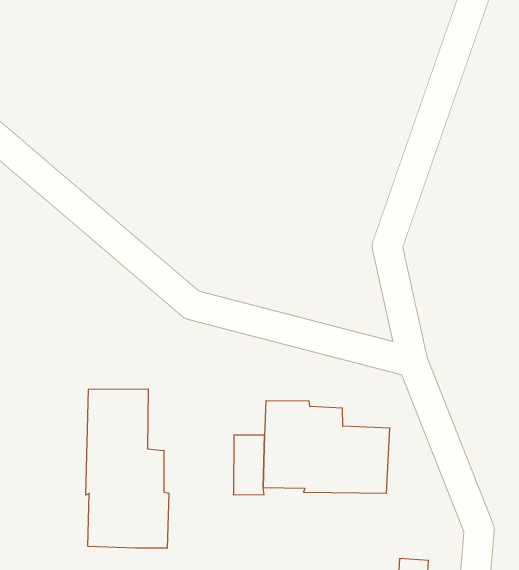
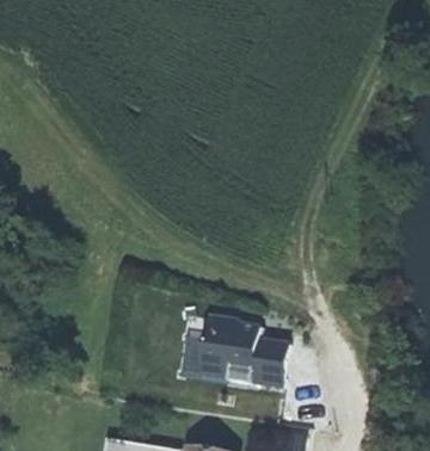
building: [86,389,169,548] -> none

